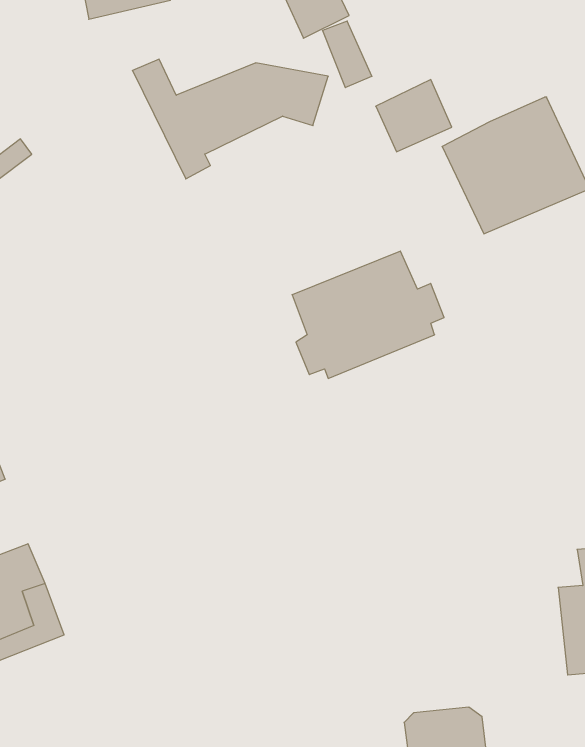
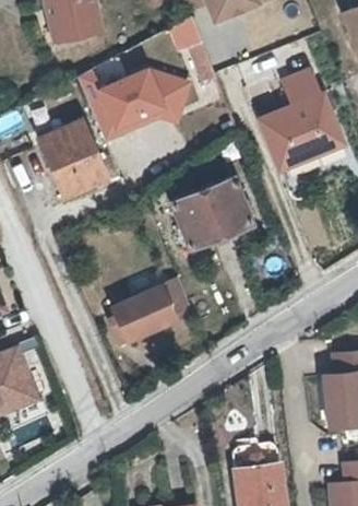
building: [376,80,452,152] -> [271,63,314,105]
building: none -> [36,122,103,200]
building: none -> [110,280,192,341]

